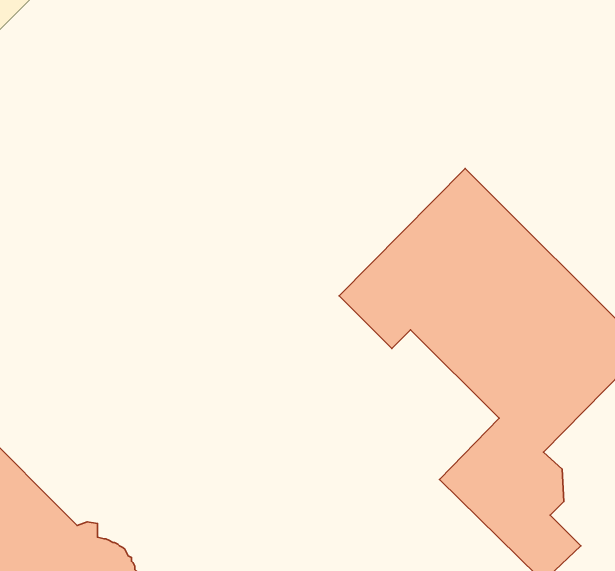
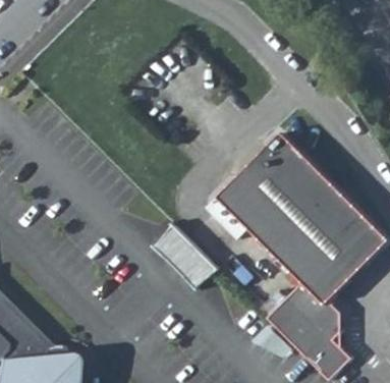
building: none -> [153,225,215,287]

